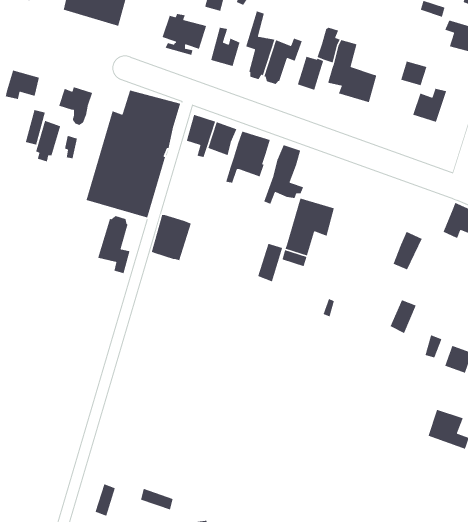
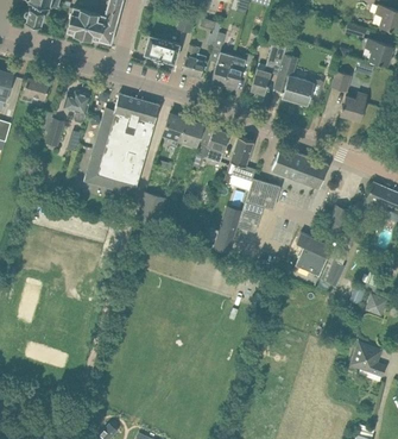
building: none -> [271,146,328,188]
building: [97,215,131,274] -> none
building: none -> [295,232,331,276]

